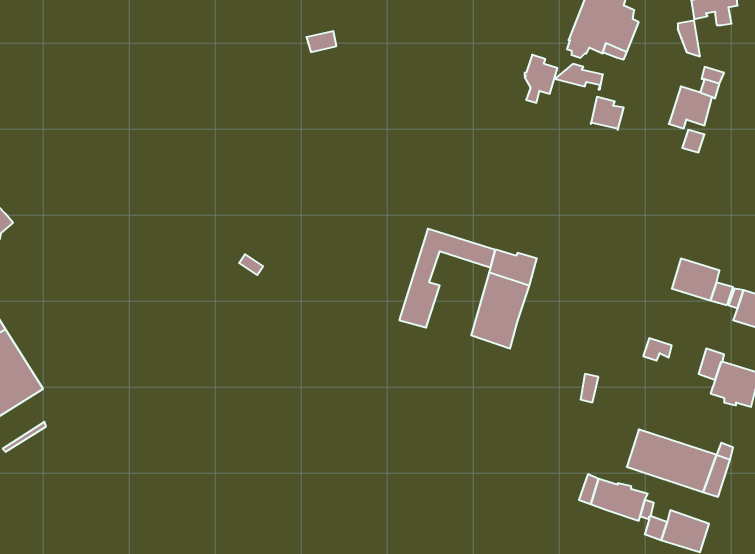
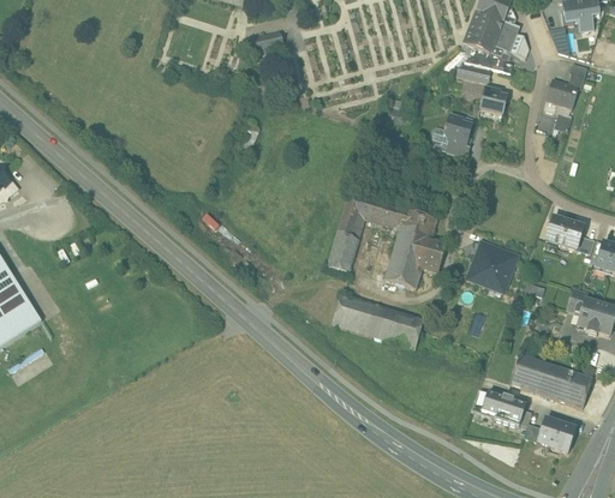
building: [525,55,557,103] -> [444,114,471,152]
building: none -> [422,238,447,271]
building: none -> [467,245,515,292]
building: none -> [332,293,424,349]

